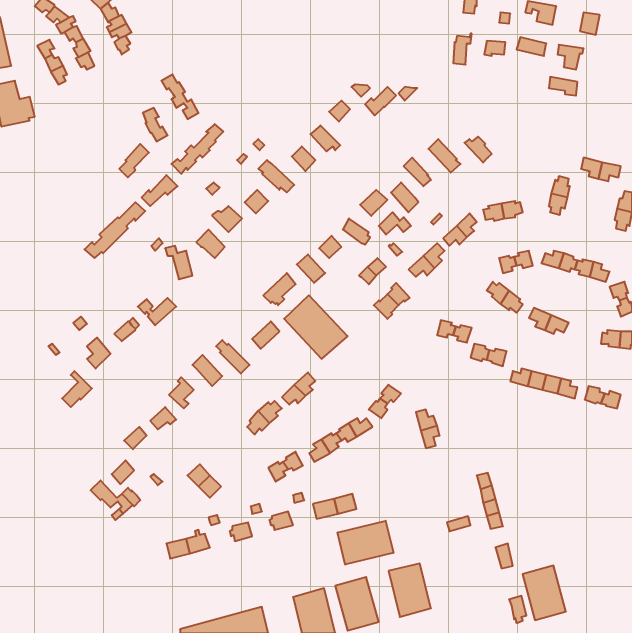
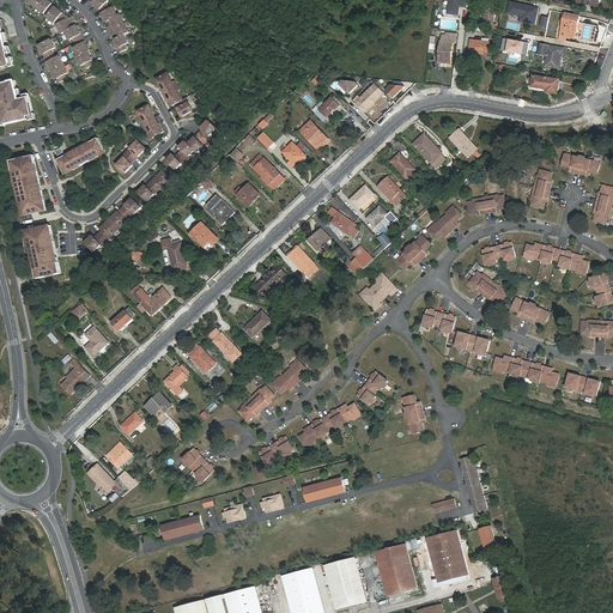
building: none -> [55,136,103,170]
building: none -> [8,153,44,214]
building: none -> [24,224,59,278]
building: [284,295,348,359] -> none
building: [338,521,393,565] -> none
building: [523,566,566,620] -> [425,529,467,582]

